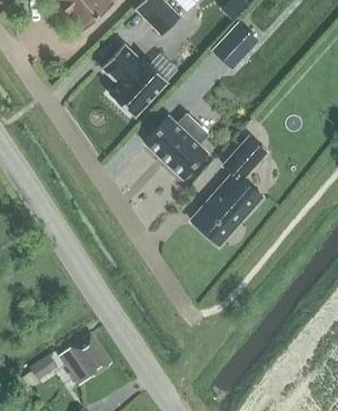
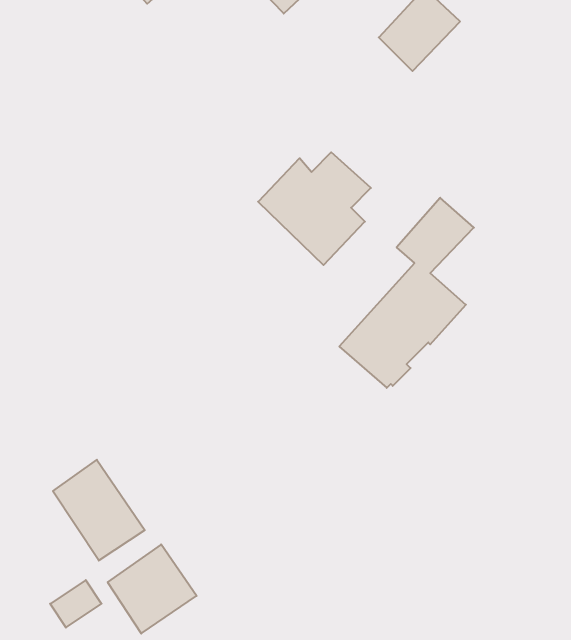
building: [102,43,168,117] -> none
building: none -> [53,460,145,561]

